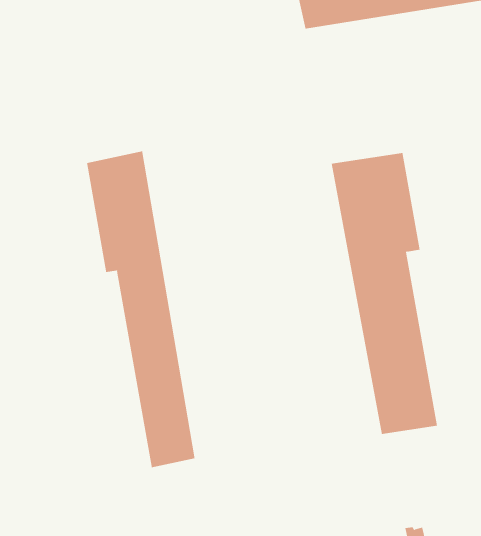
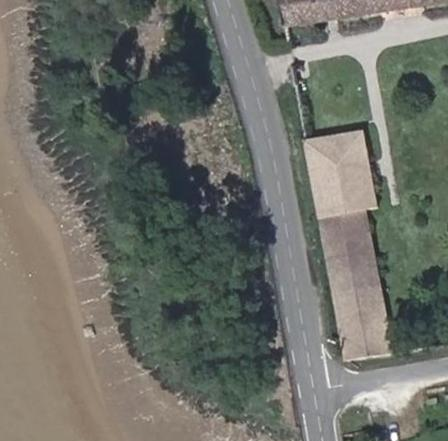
building: [86,151,195,468] -> none

